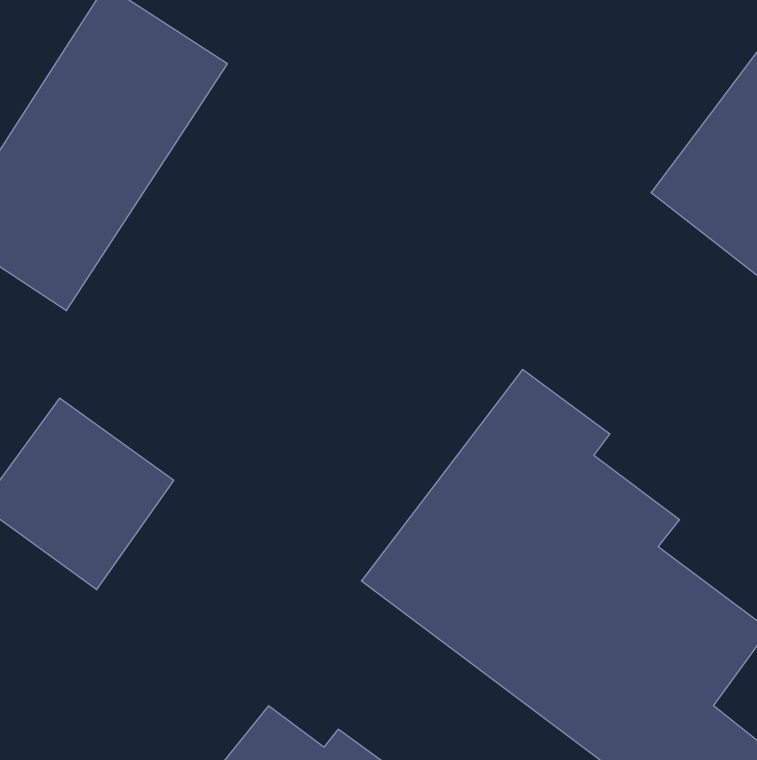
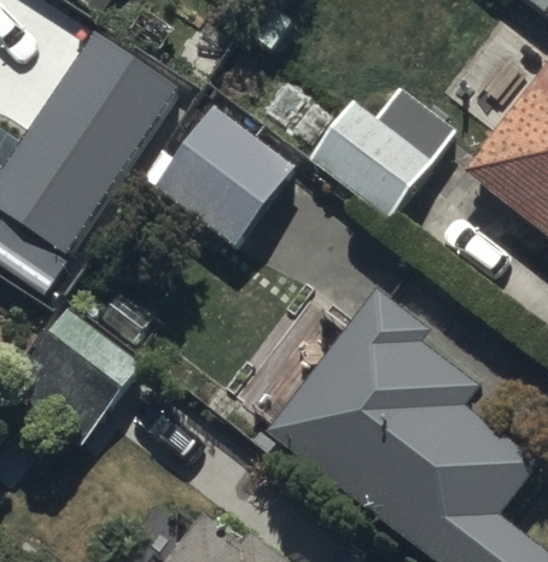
building: none -> [307,88,455,221]
building: none -> [146,106,295,256]

